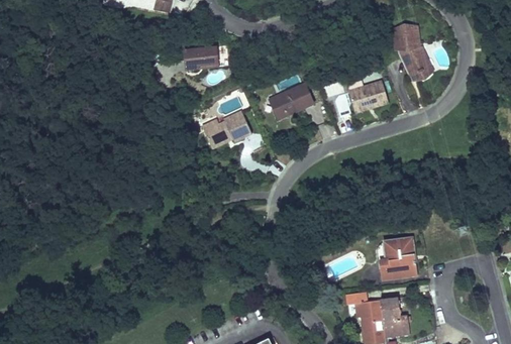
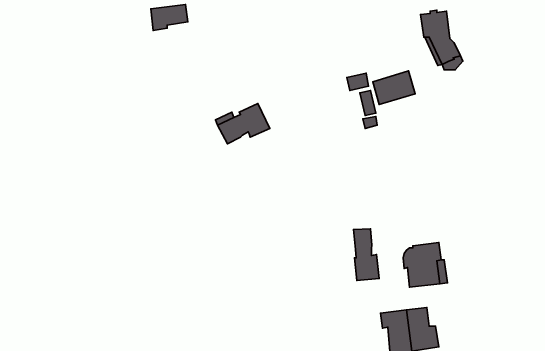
building: [183,45,217,70] -> [151,4,188,30]
building: [269,82,313,118] -> none
building: none -> [353,229,379,281]

